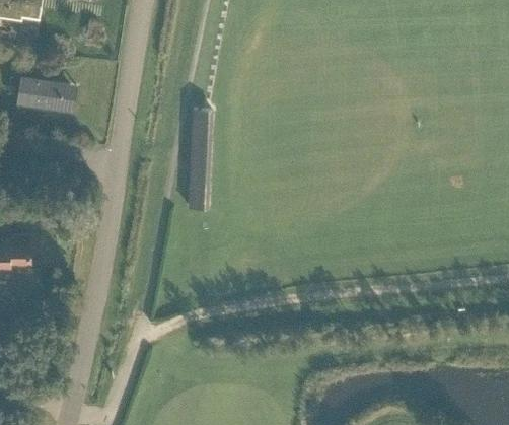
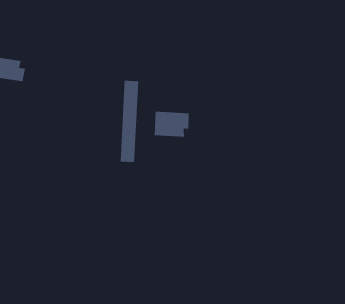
building: none -> [154,111,189,138]

